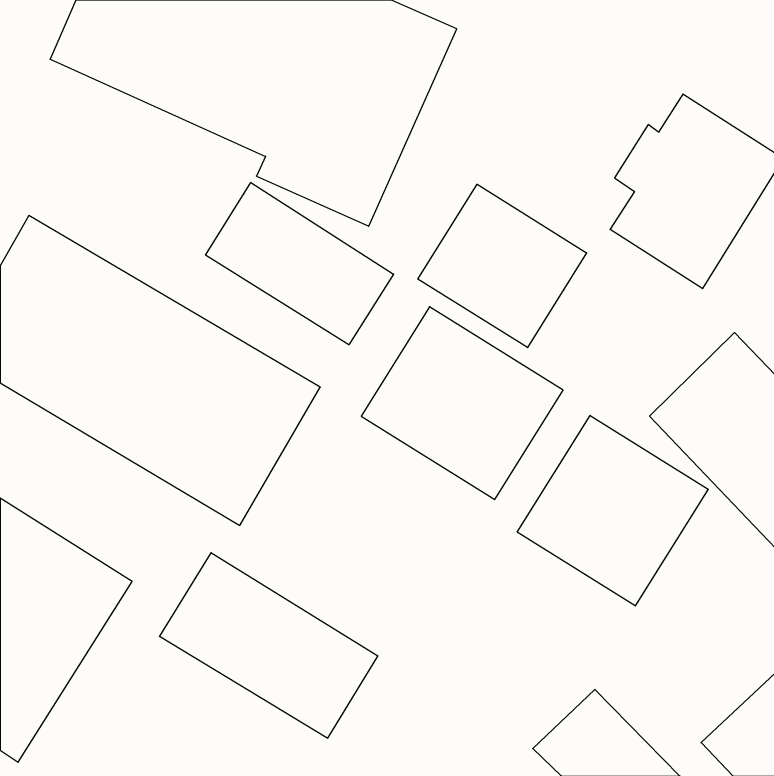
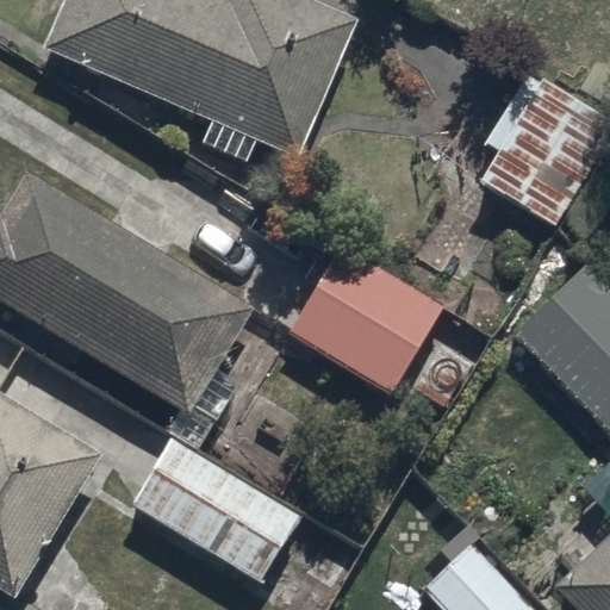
building: [206,183,394,345] -> none
building: [418,184,587,348] -> none
building: [517,415,708,606] -> none

